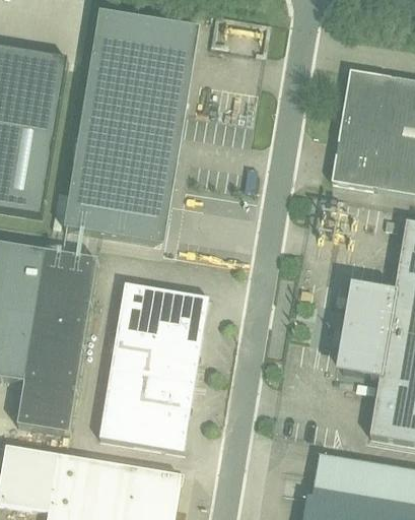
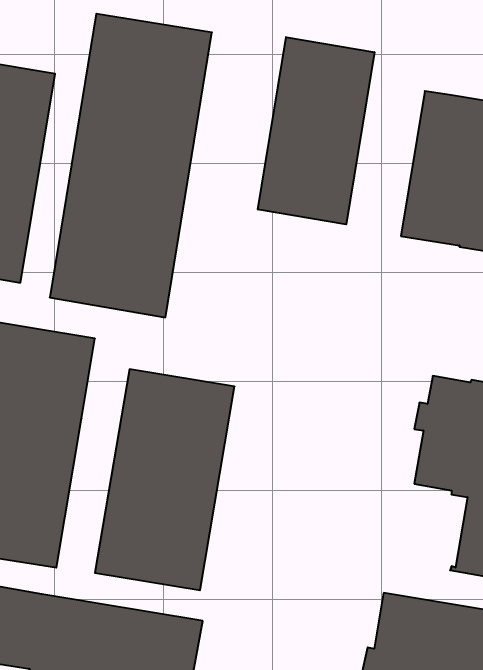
building: none -> [258,37,374,224]

